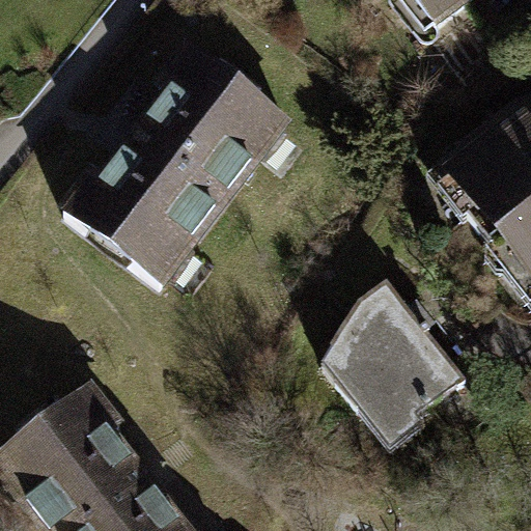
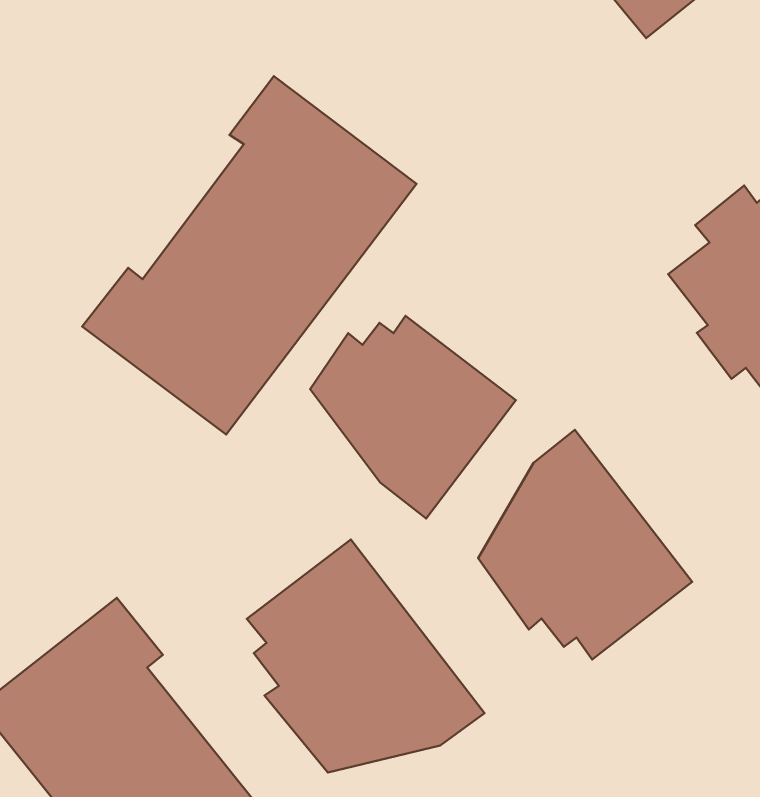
building: none -> [310,316,516,519]
building: none -> [247,540,484,772]

